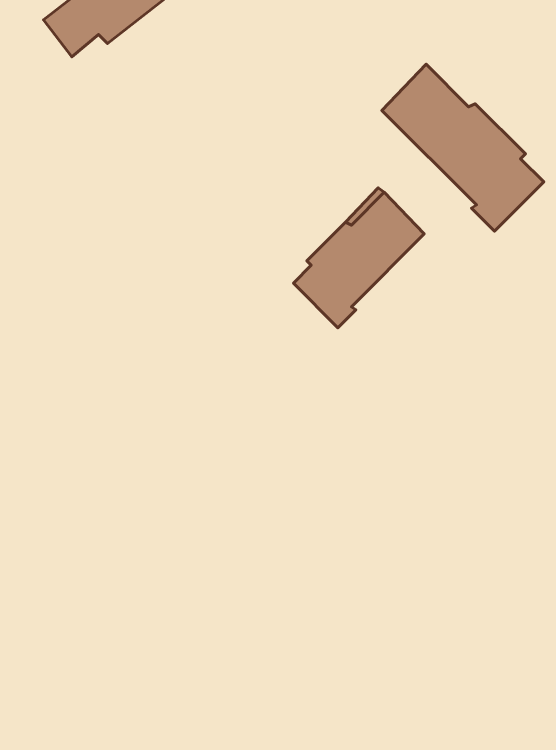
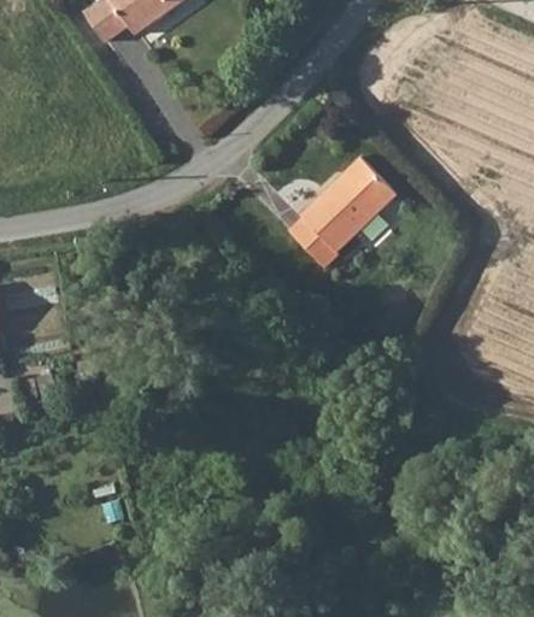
building: [382,64,544,231] -> none

